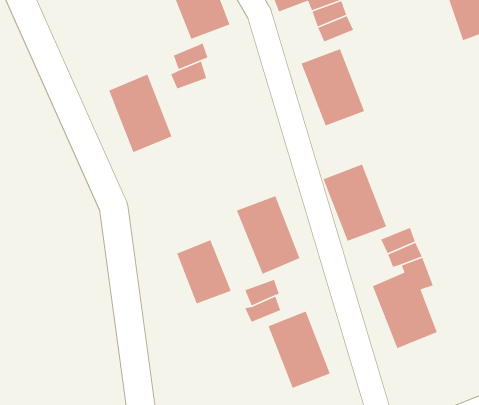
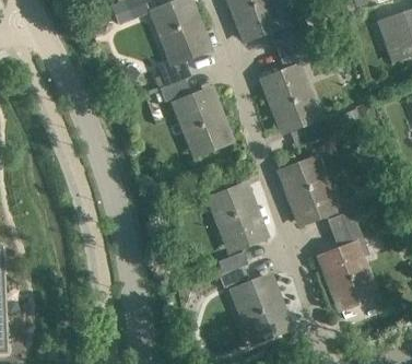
building: [108,74,173,153] -> [177,91,228,154]
building: [176,239,232,305] -> none

